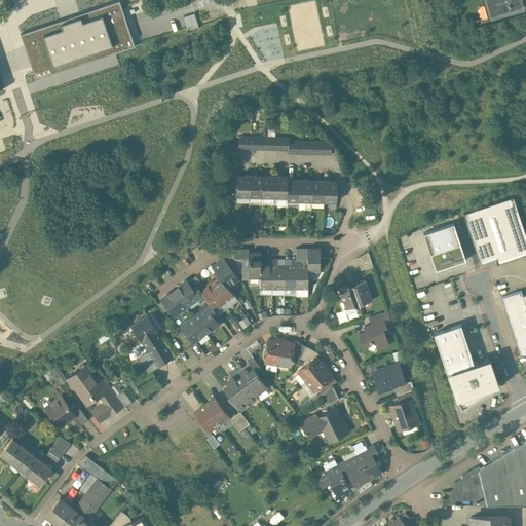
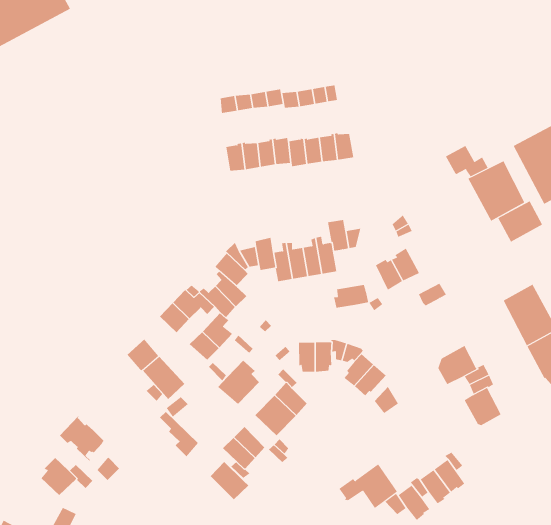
building: none -> [445,145,489,177]
building: none -> [498,200,543,242]
building: none -> [333,284,369,309]
building: [360,325,388,350] -> none
building: none -> [218,360,260,405]
building: [96,377,123,416] -> [159,411,199,457]
building: [302,409,348,444] -> [338,464,398,509]
building: none -> [210,461,249,500]

